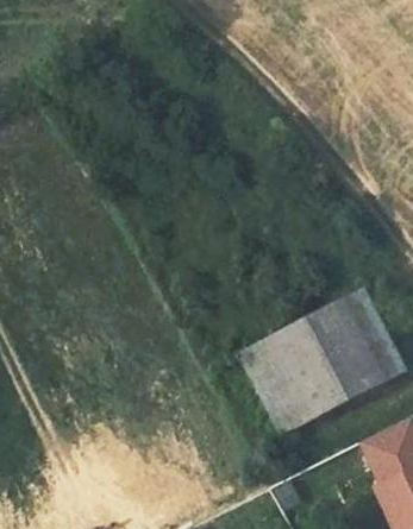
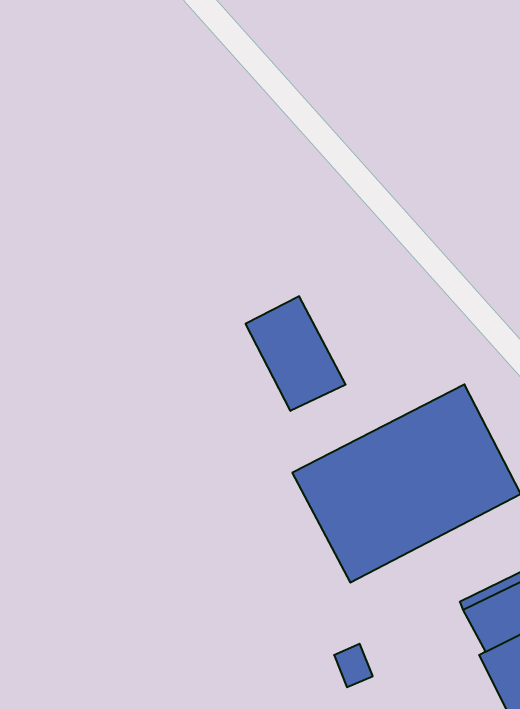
building: none -> [246,296,346,411]

